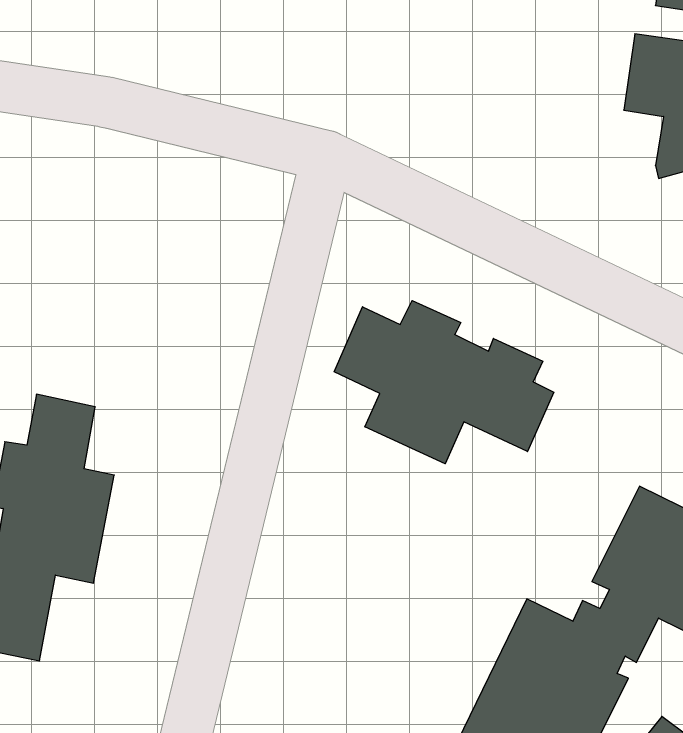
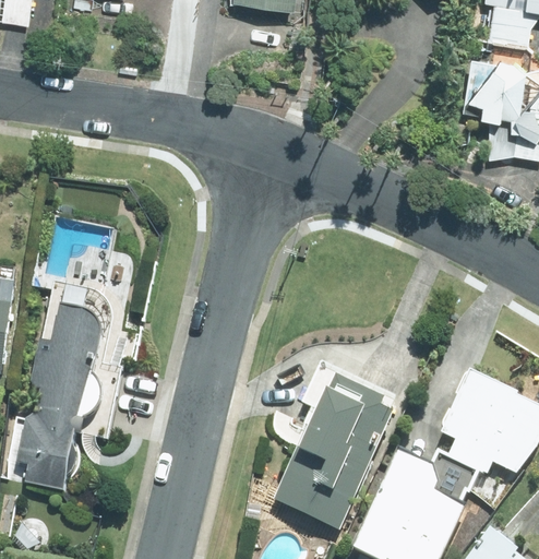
building: [334,301,554,464] -> none
building: none -> [272,361,399,531]

